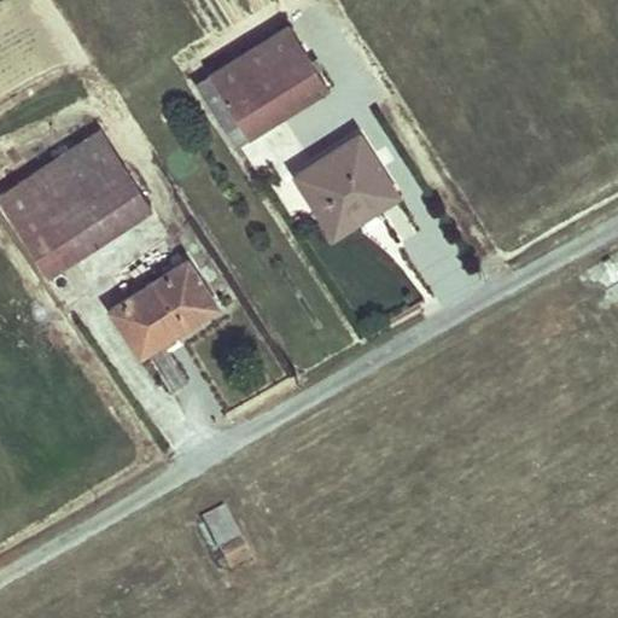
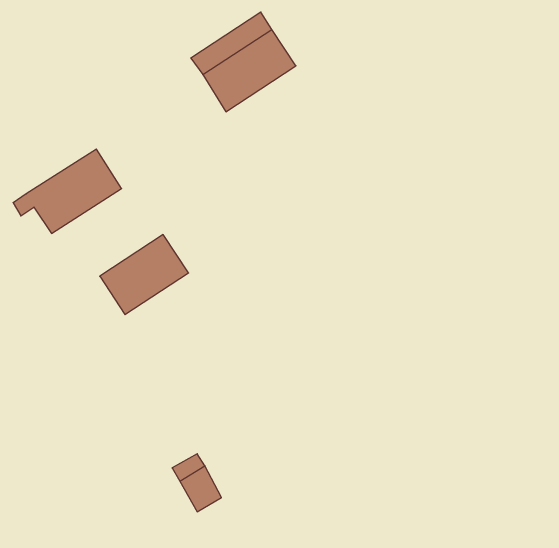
building: [295,138,397,231] -> none
building: [11,146,107,227] -> none

